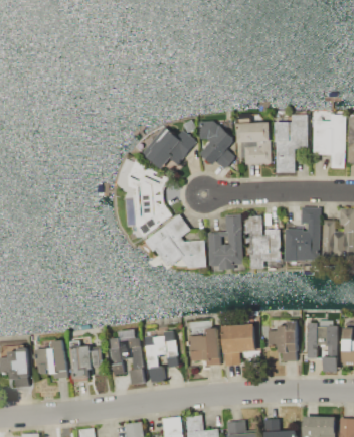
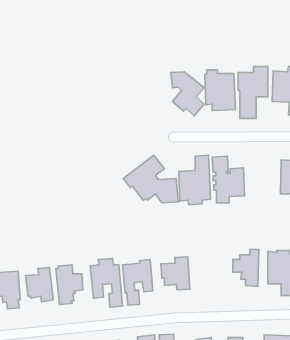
building: [142,127,196,169] -> none
building: [126,162,172,236] -> none
building: [284,207,320,262] -> none
building: [221,324,255,366] -> none

